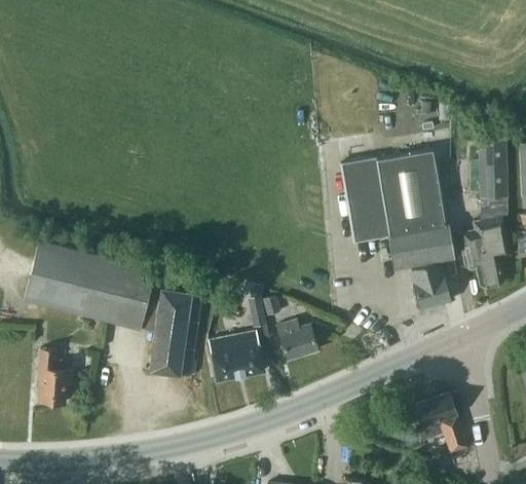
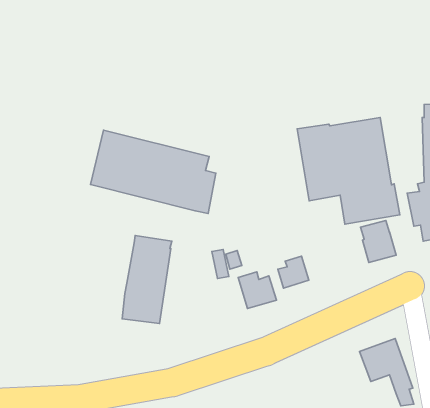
building: [25,240,162,332] -> [90,130,216,213]
building: none -> [278,256,309,288]
building: [209,331,264,381] -> none
building: [38,348,72,404] -> none

